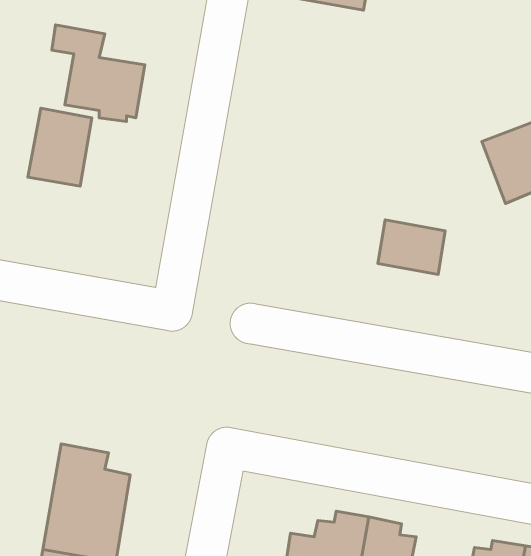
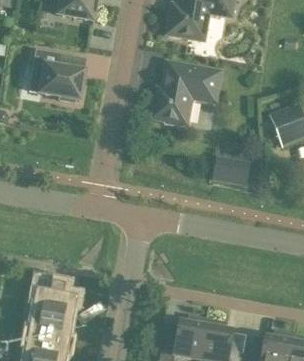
building: none -> [151,62,220,125]
building: [28,108,92,186] -> none

